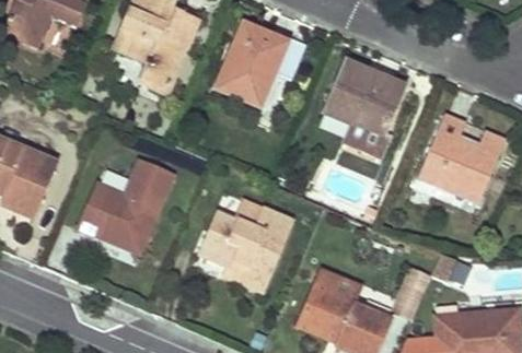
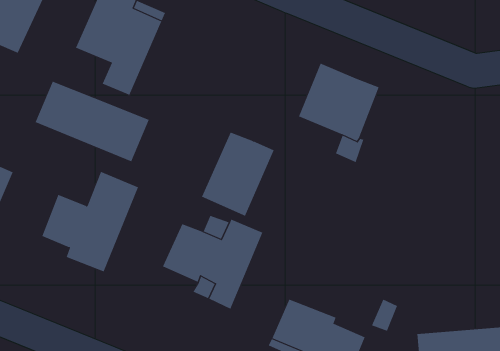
building: [218,24,287,104] -> [201,132,274,217]
building: none -> [35,81,149,162]
building: [420,113,506,199] -> none

